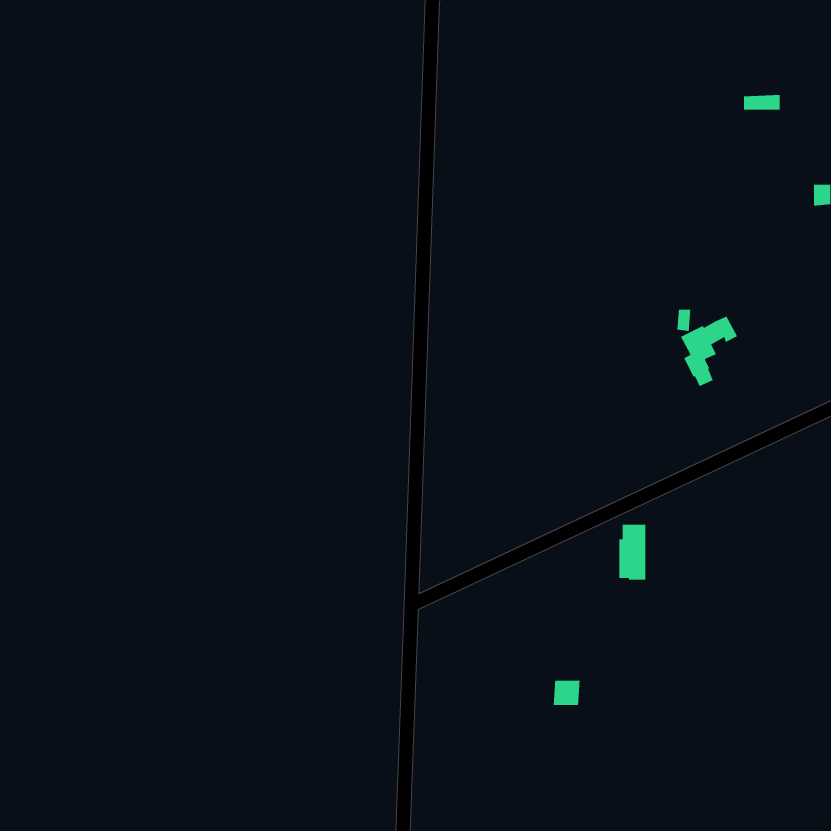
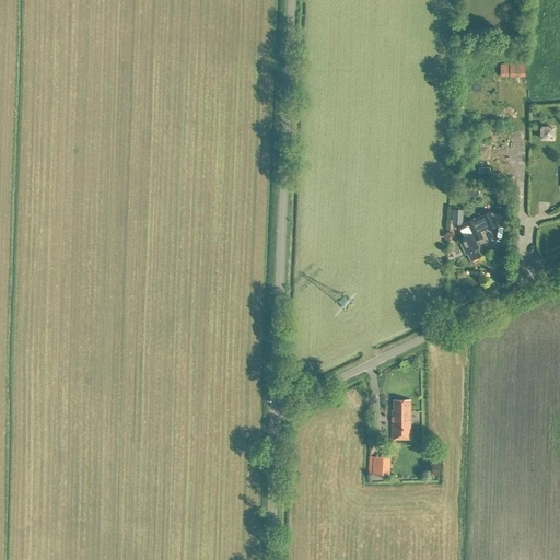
building: [618,524,646,581] -> [392,400,410,439]

